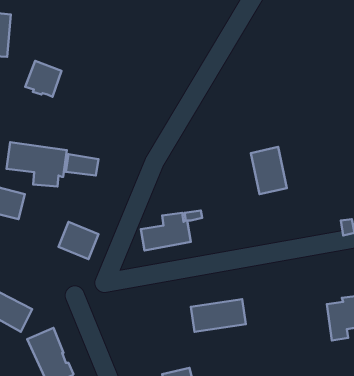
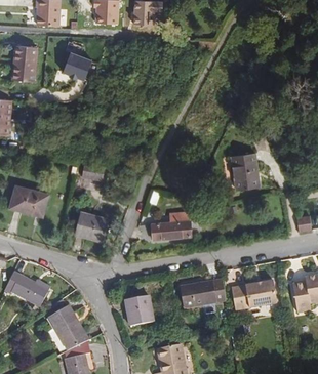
building: [25,61,61,97] -> [61,52,90,82]
building: [7,142,67,186] -> none
building: none -> [231,281,276,309]
building: none -> [125,295,152,327]

